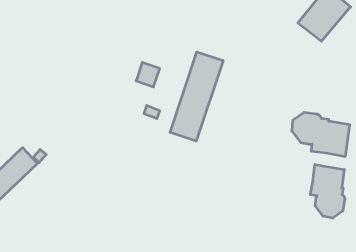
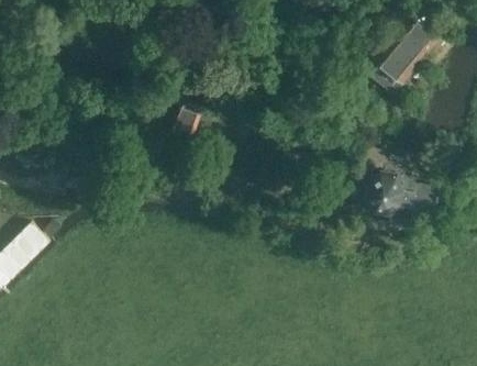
building: [170,52,223,141] -> none
building: [310,164,345,218] -> none

